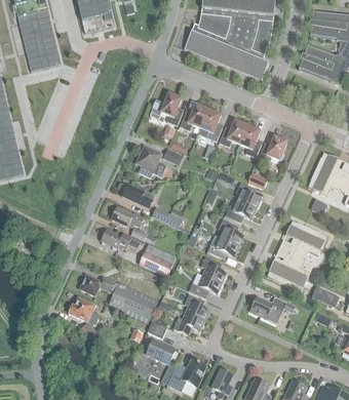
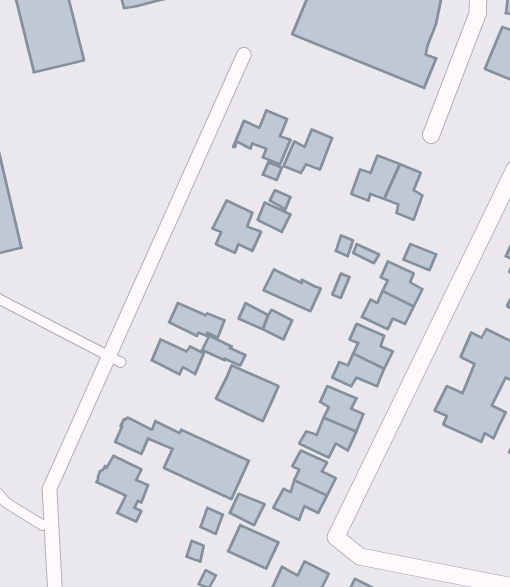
building: [197,109,222,141] -> none
building: [259,135,286,160] -> none
building: [121,183,155,207] -> [264,269,321,311]
building: [249,295,295,322] -> none

